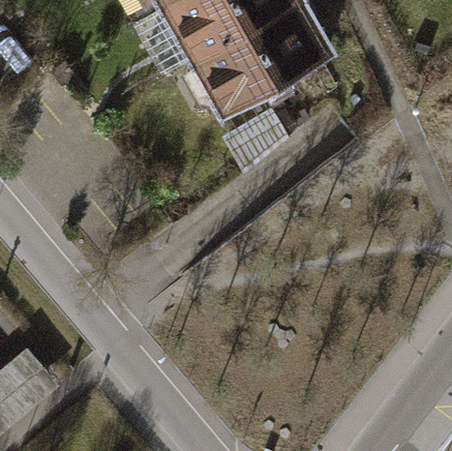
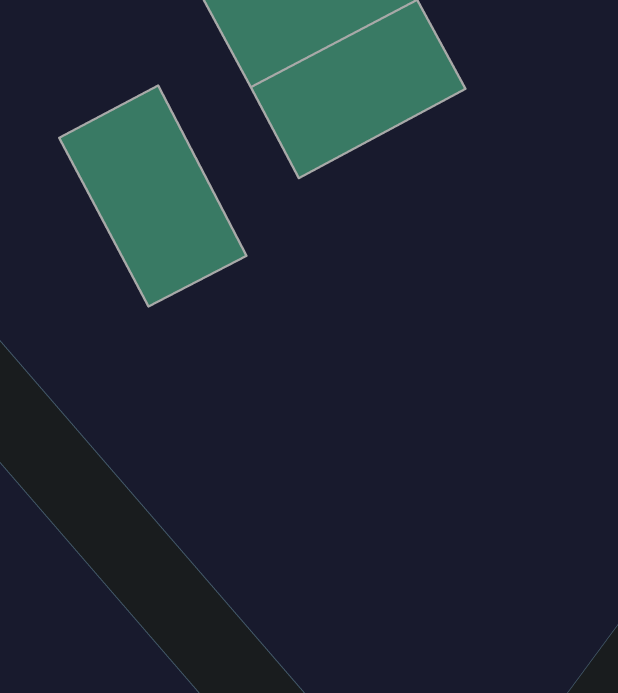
building: none -> [59,86,247,307]

